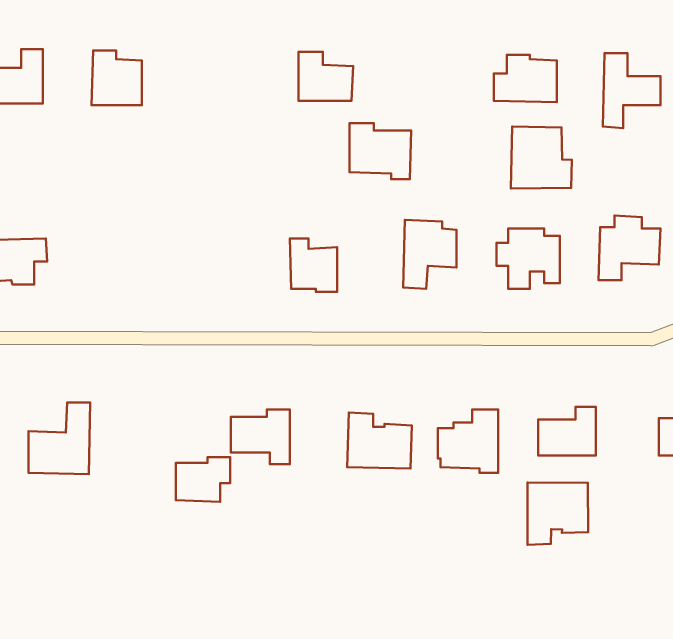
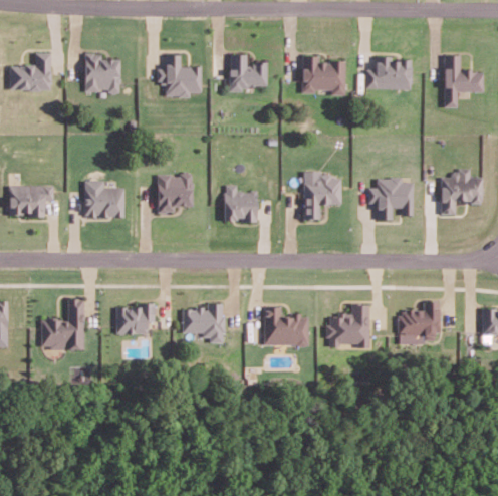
building: none -> [157,55,201,96]
building: [349,123,411,179] -> [301,56,344,95]
building: [511,126,572,188] -> none
building: none -> [157,172,192,213]
building: none -> [83,181,123,217]
building: [176,457,230,502] -> [115,303,154,334]
building: [527,483,588,545] -> none

